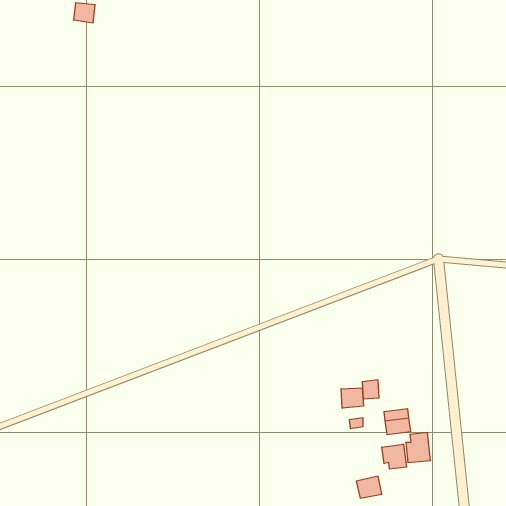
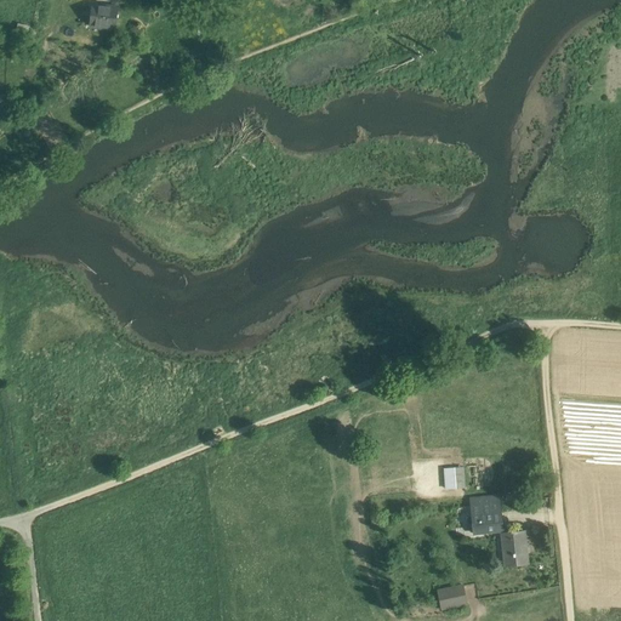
building: [341,388,363,408] -> none
building: [382,444,407,469] -> none

